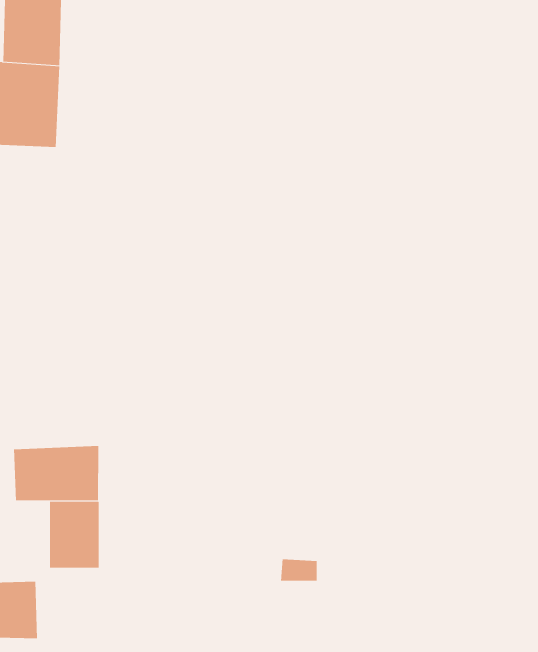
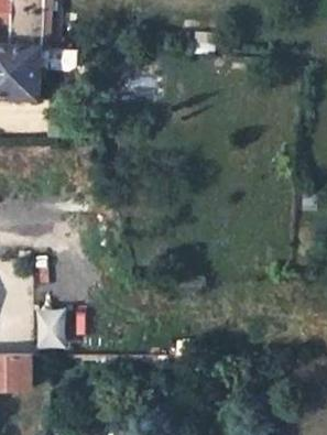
building: [14,445,99,501] -> none

